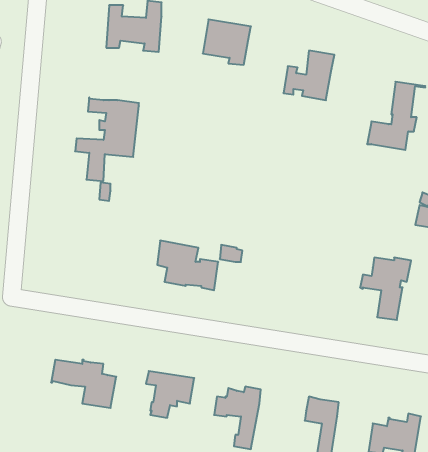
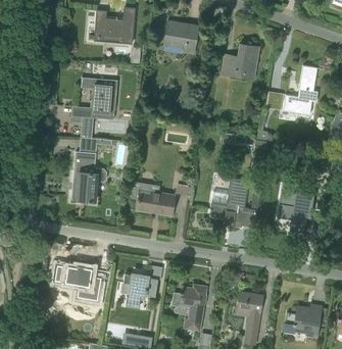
building: none -> [71,151,106,203]
building: none -> [208,178,261,227]

